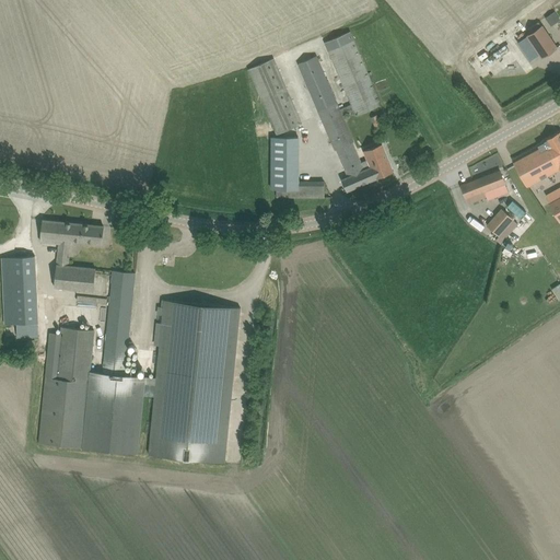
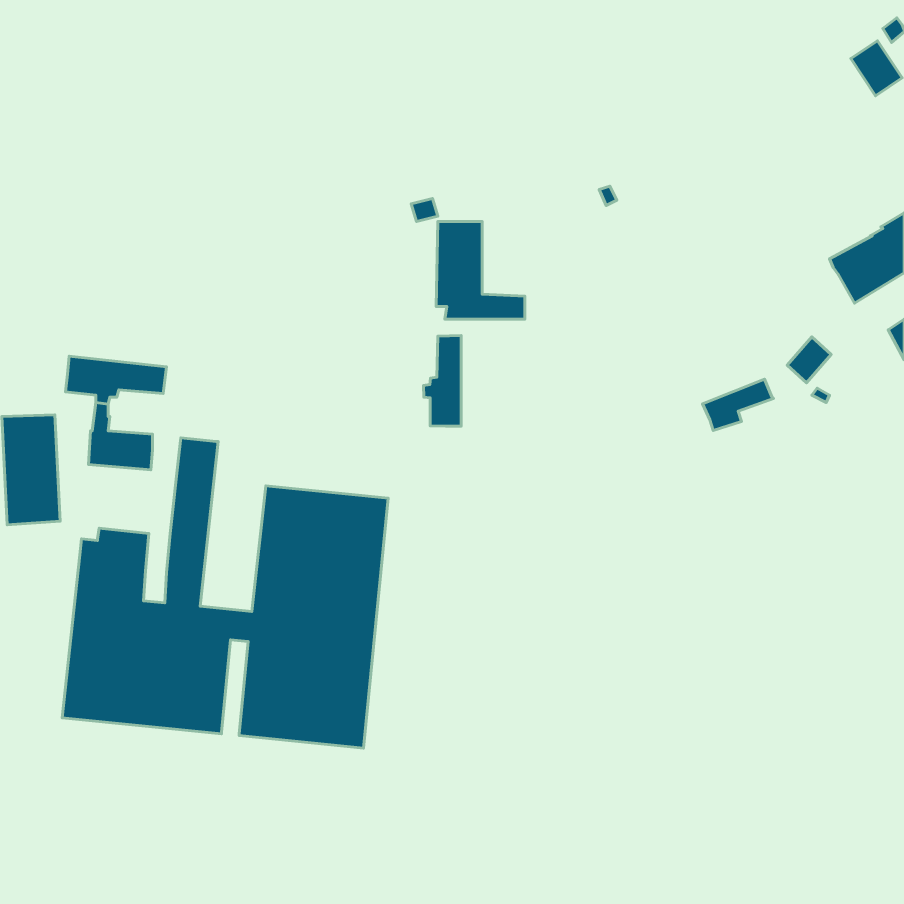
building: [296,33,393,191] -> none
building: [247,59,302,136] -> none
building: [460,172,504,203] -> [703,379,774,431]
building: none -> [424,335,461,426]

